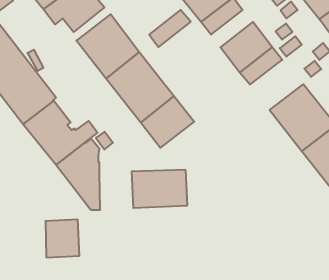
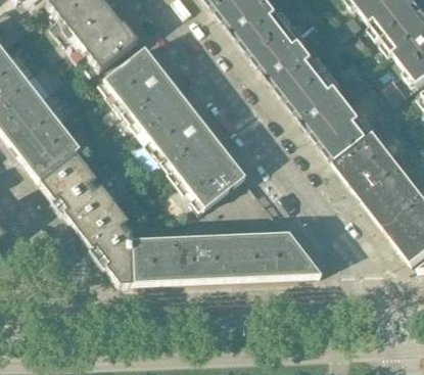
building: [149,10,191,47] -> [264,41,314,86]
building: none -> [311,101,373,161]
building: none -> [233,231,319,277]
building: [45,219,79,257] -> [129,236,170,282]

